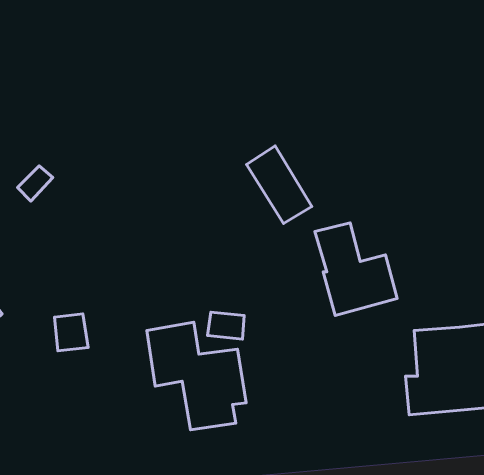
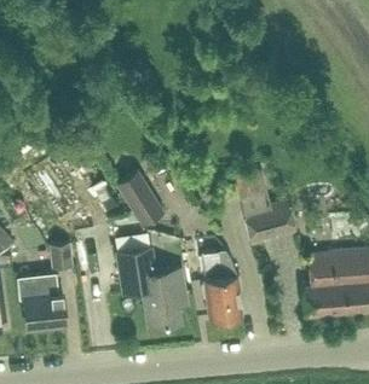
building: [246,146,312,223] -> [116,170,163,226]
building: none -> [201,251,242,319]
building: none -> [17,274,65,328]

